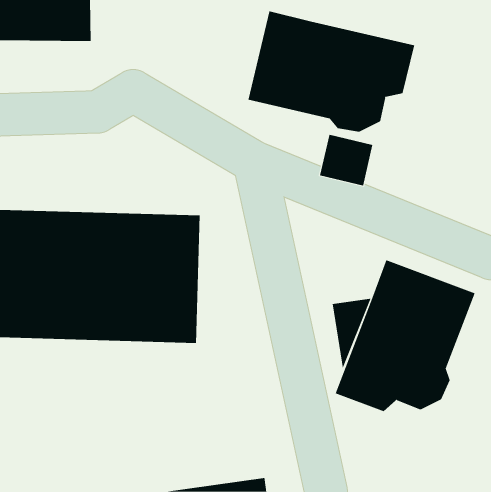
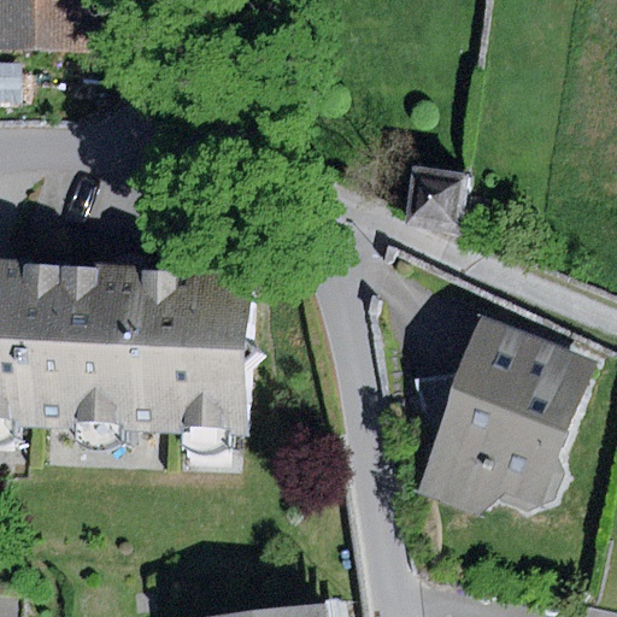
building: [248,11,415,133] -> none

